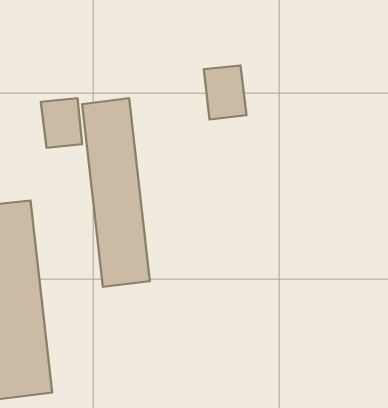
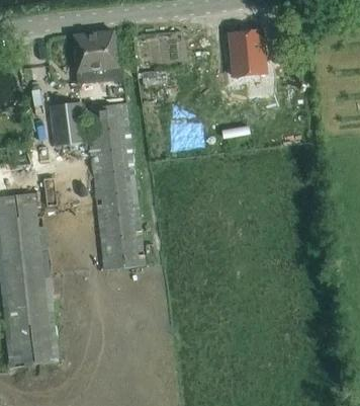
building: none -> [73,30,123,83]
building: [204,66,246,120] -> [231,29,268,77]

